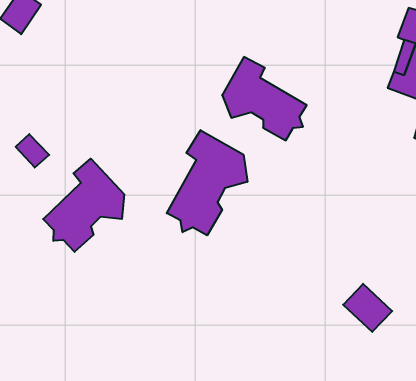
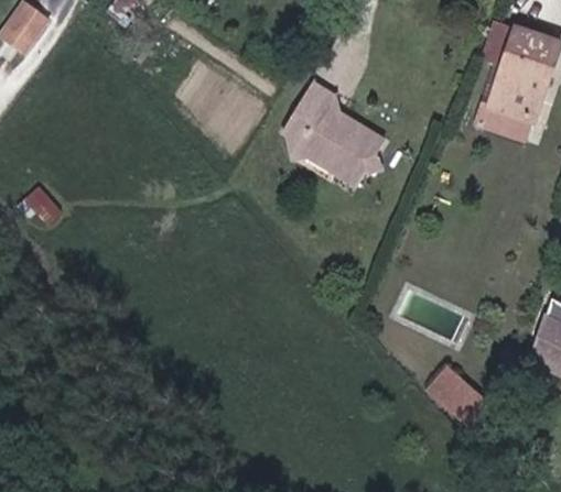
building: [167,130,247,235] -> none
building: [43,159,124,252] -> none

